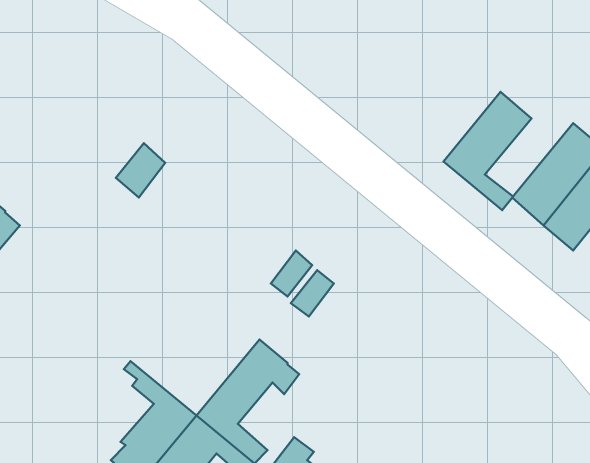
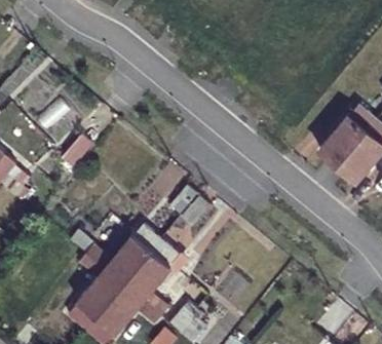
building: [443,92,531,210] -> none
building: none -> [82,224,162,286]

